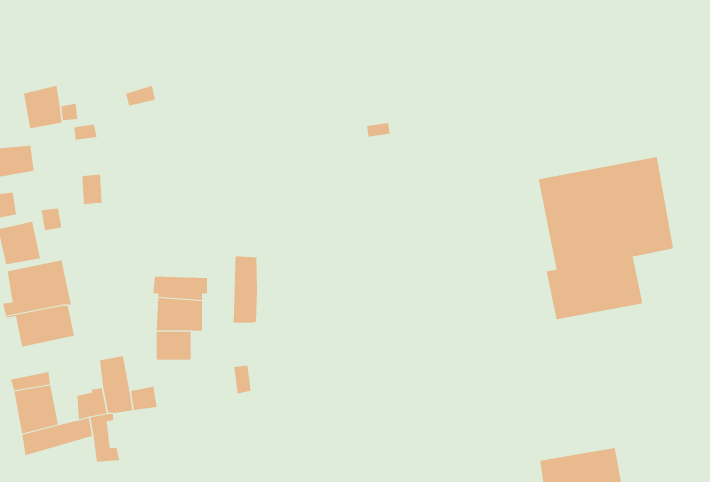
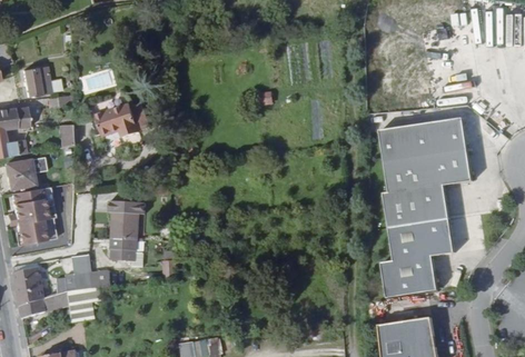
building: none -> [93,103,149,137]
building: [233,256,258,324] -> none
building: none -> [380,217,453,297]

